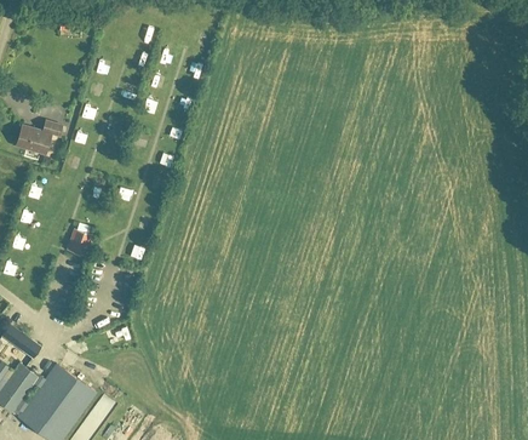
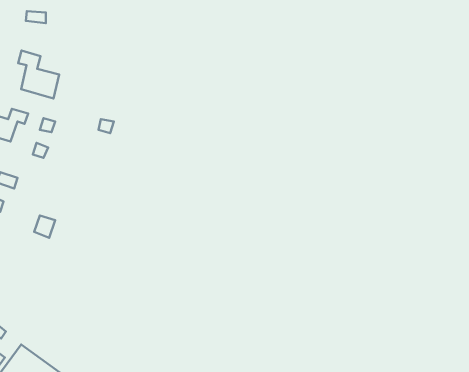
building: none -> [18,51,59,99]

